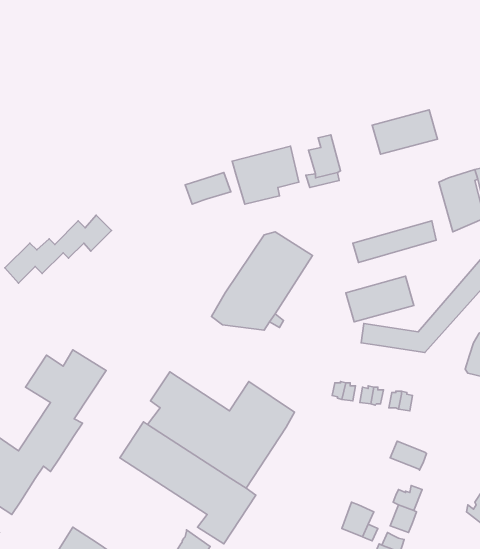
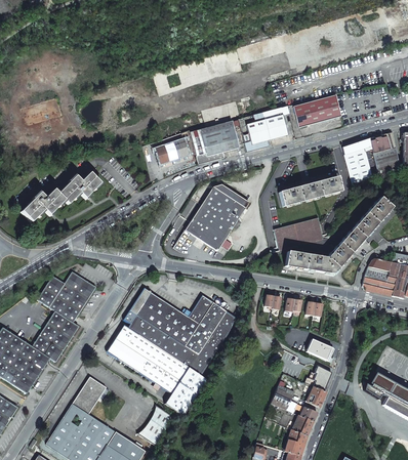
building: none -> [262,106,289,139]
building: none -> [72,376,107,414]

